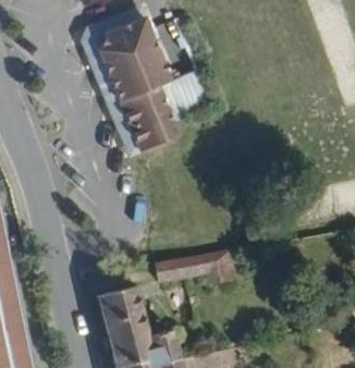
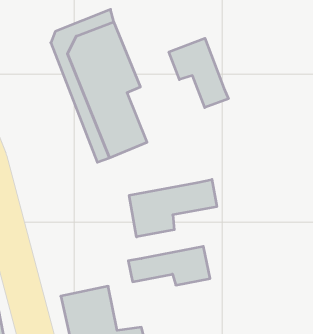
building: none -> [169,38,228,108]
building: none -> [129,179,217,237]

